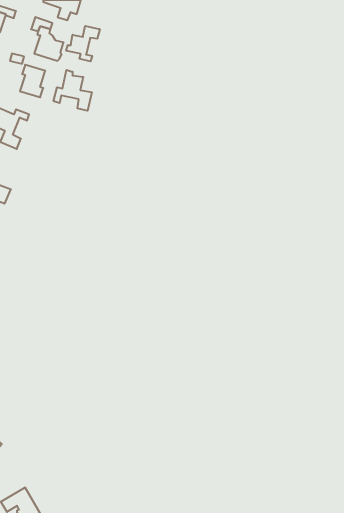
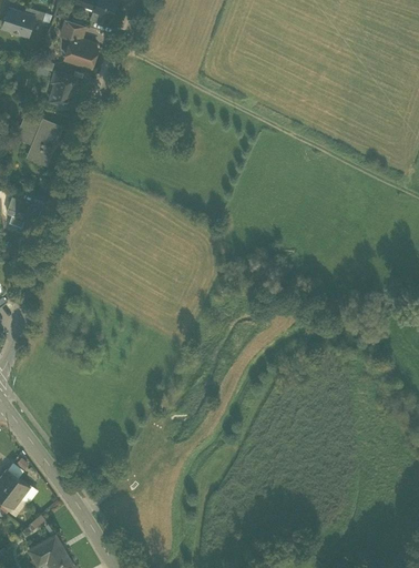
building: [66,26,100,61] -> none
building: [54,70,92,111] -> none

